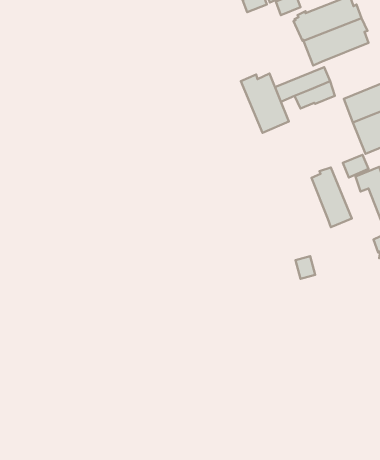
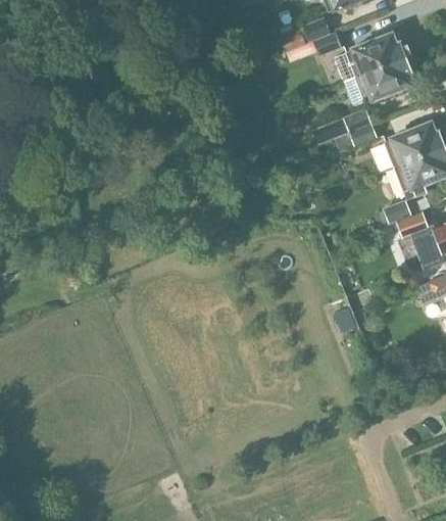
building: [241,74,289,133] -> none
building: [312,167,352,227] -> none

